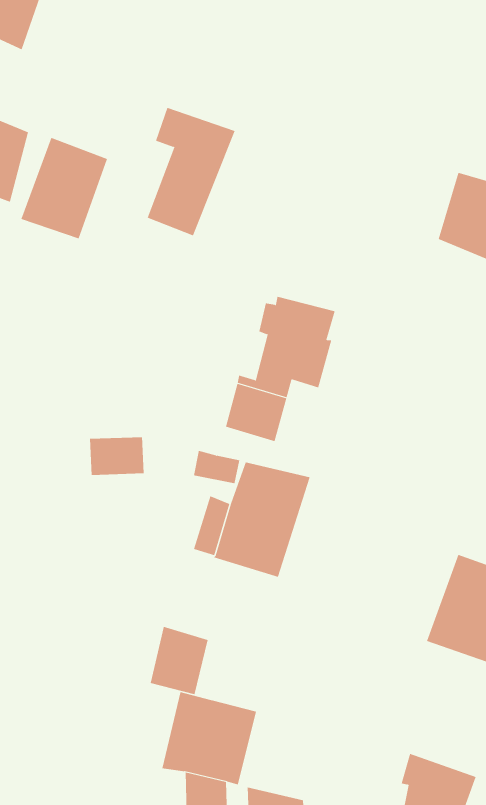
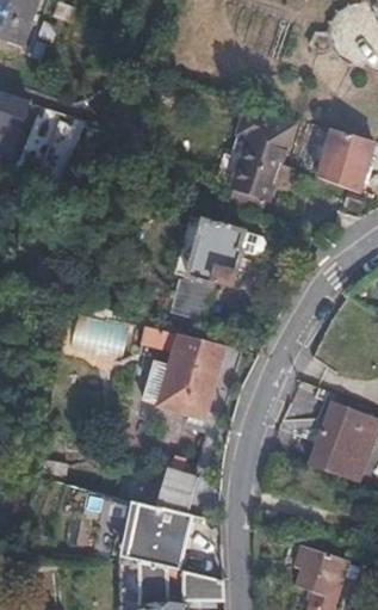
building: [147,107,236,236] -> [231,110,295,202]
building: [150,626,209,695] -> [156,467,198,516]

